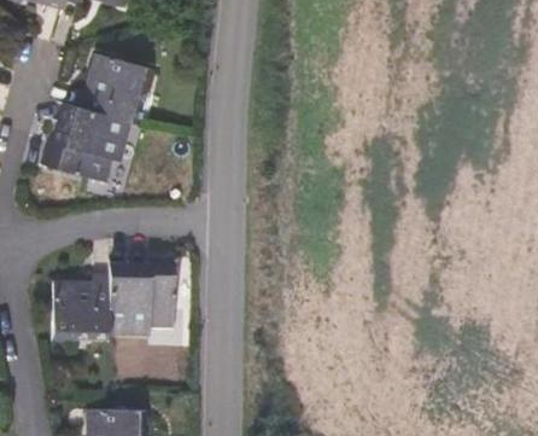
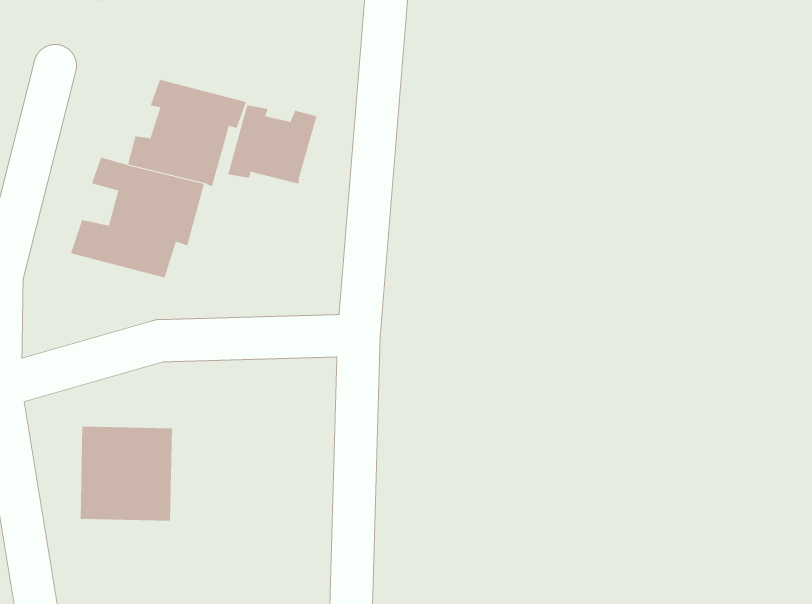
building: none -> [228,105,317,185]
building: [110,266,174,337] -> none

